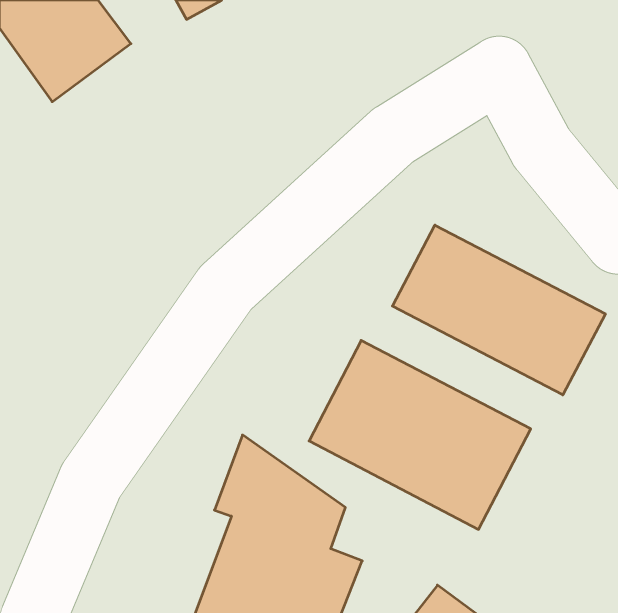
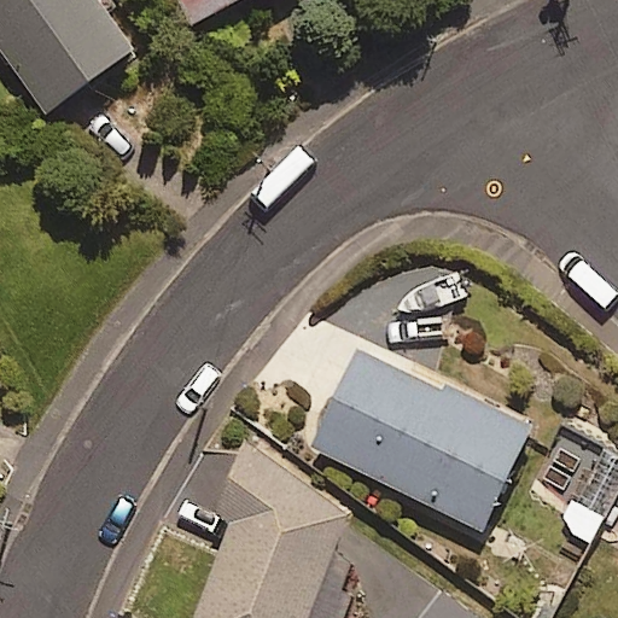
building: [392,225,605,395] -> none

